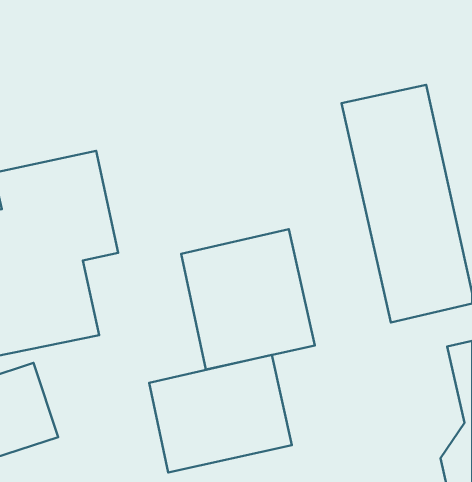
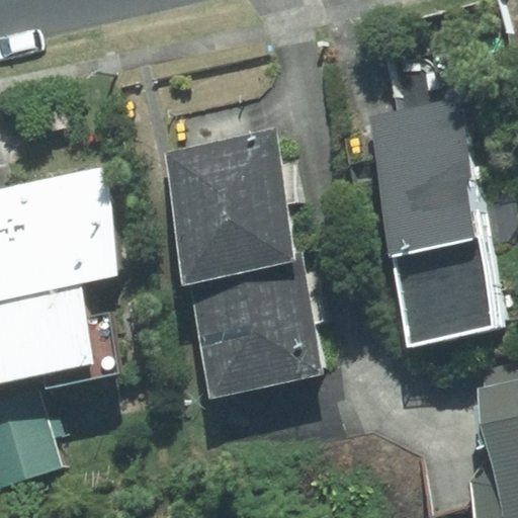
building: none -> [165,127,307,275]
building: [149,355,292,473] -> none

